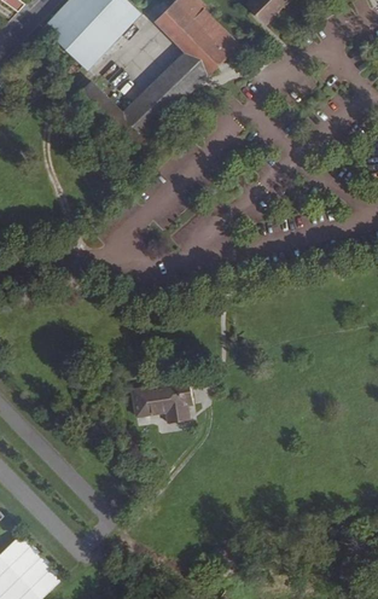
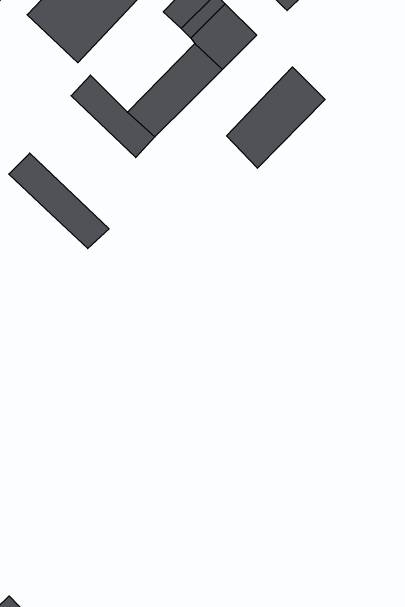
building: none -> [227,67,325,168]
building: none -> [9,153,109,249]
building: [129,378,190,425] -> none

